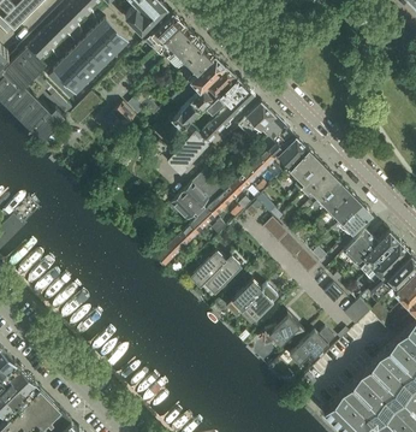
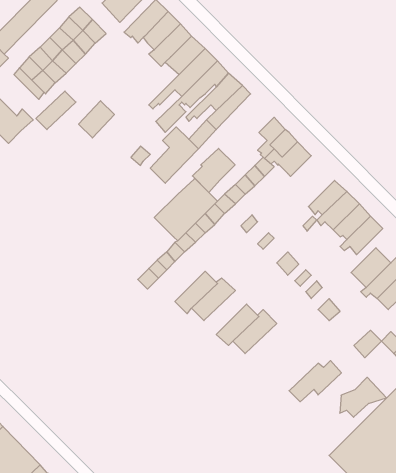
building: [238,102,275,141] -> [192,148,235,192]
building: [285,150,328,190] -> none
building: [262,313,303,348] -> [340,377,387,417]

